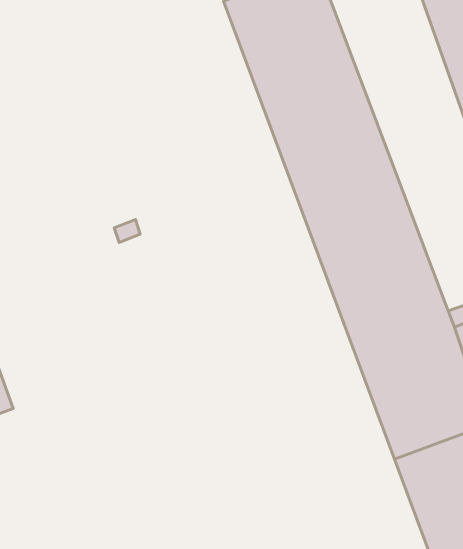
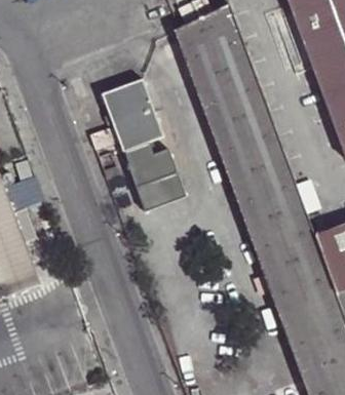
building: none -> [88,78,184,209]

